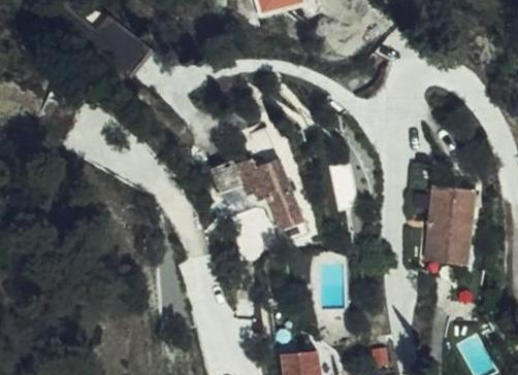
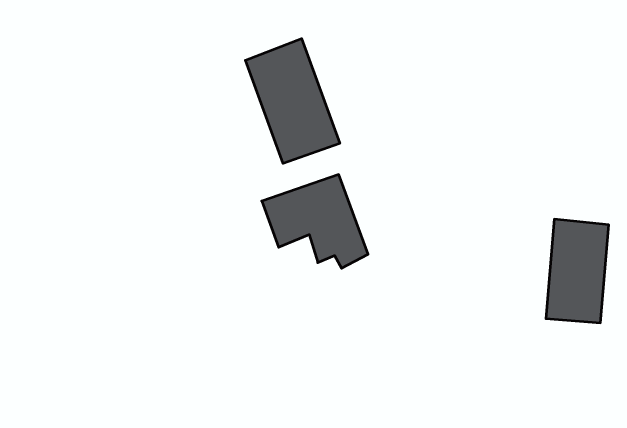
building: none -> [245,39,340,163]

